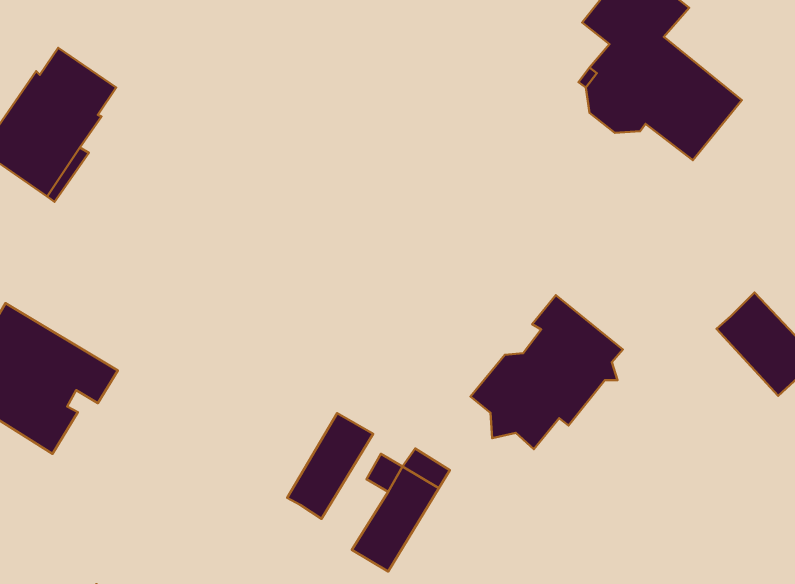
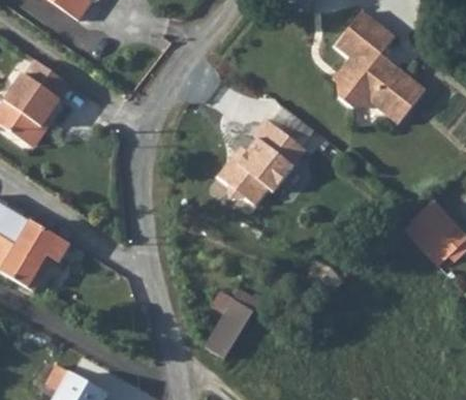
building: [470,295,623,449] -> [216,118,303,206]
building: [287,413,373,519] -> none

